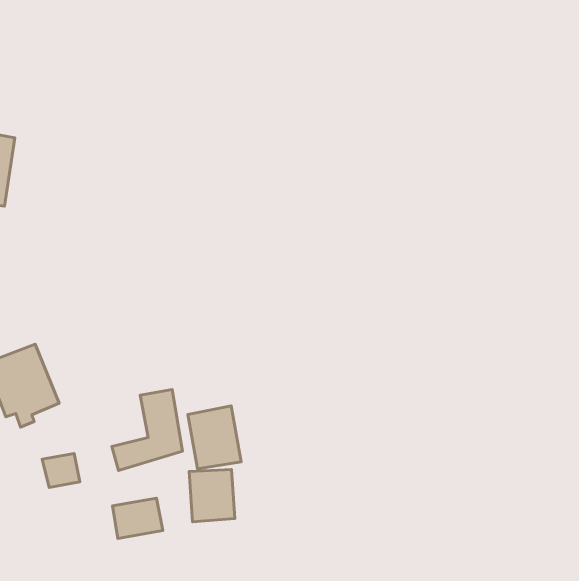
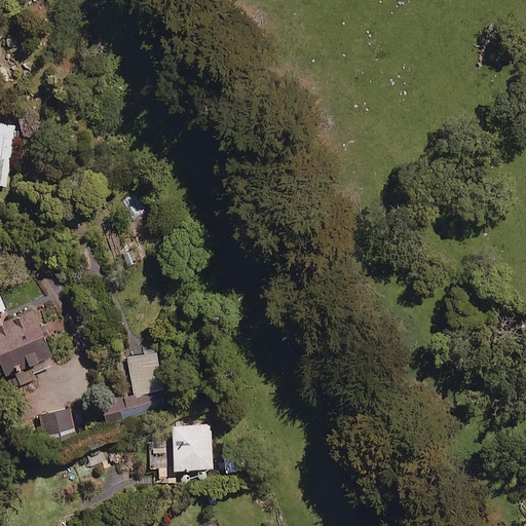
building: [188,406,241,469] -> none
building: [113,498,163,539] -> none

